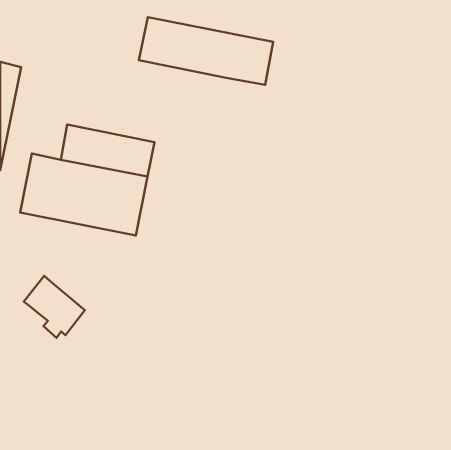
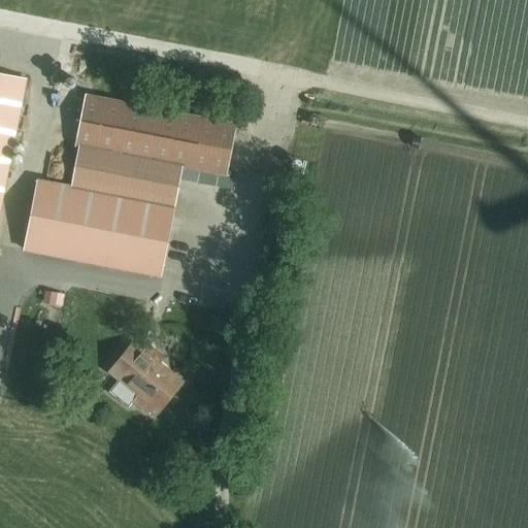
building: [139,17,273,85] -> [78,95,235,174]
building: [24,276,85,338] -> [109,341,180,414]

